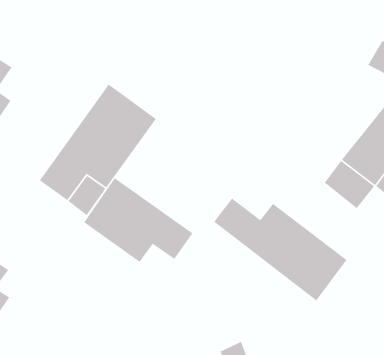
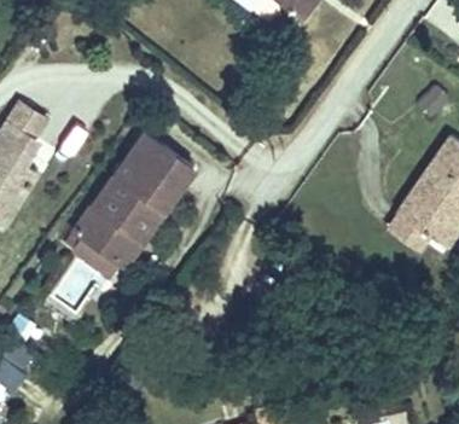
building: [83,177,193,263] -> none
building: [213,198,347,301] -> none

